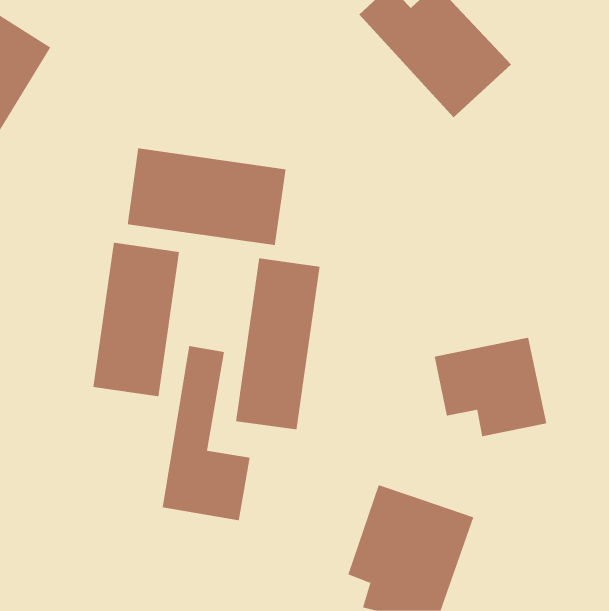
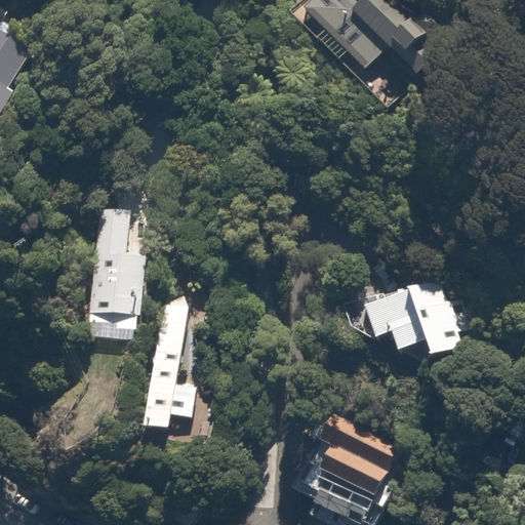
building: [127,148,286,246] -> none
building: [235,258,320,430] -> none

